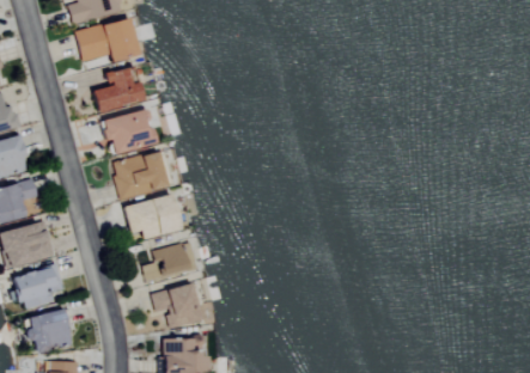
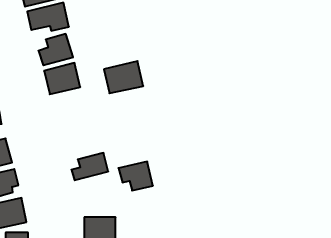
building: [111,149,170,197] -> [104,61,143,93]
building: [123,192,182,239] -> none
building: [152,283,203,326] -> [118,162,153,191]

